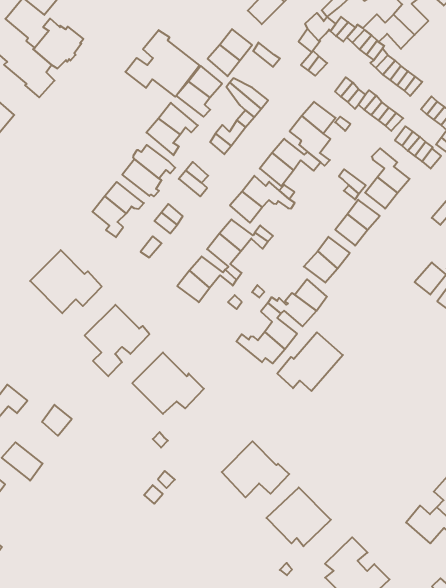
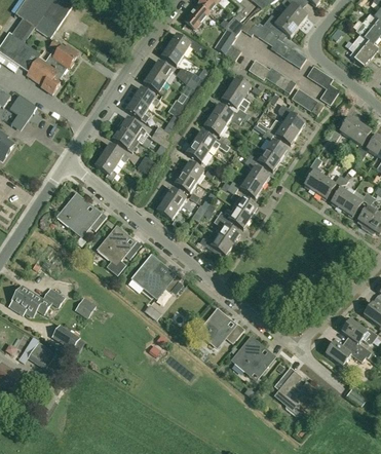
building: [125,30,200,97] -> none
building: none -> [304,156,325,191]
building: [277,332,343,391] -> none

